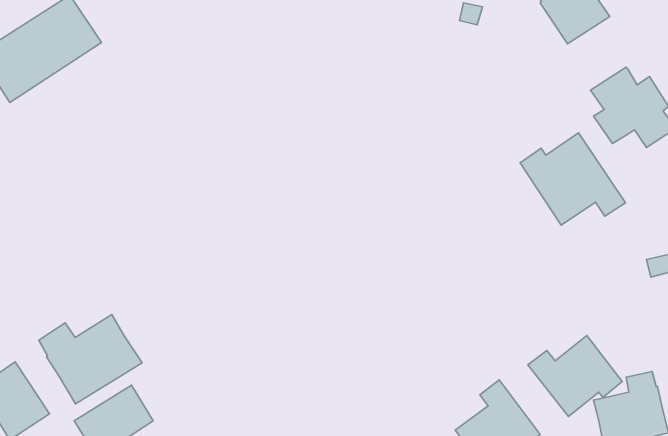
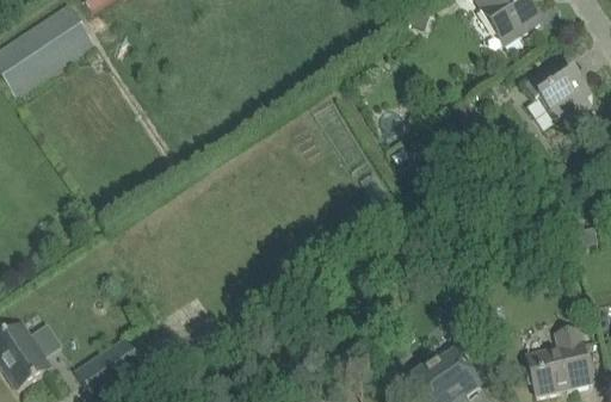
building: [520,133,626,225] -> none
building: [39,315,142,404] -> none
building: [528,336,622,416] -> none

